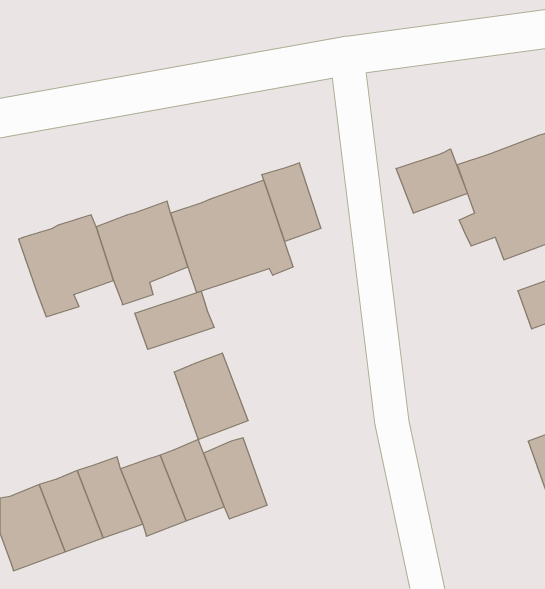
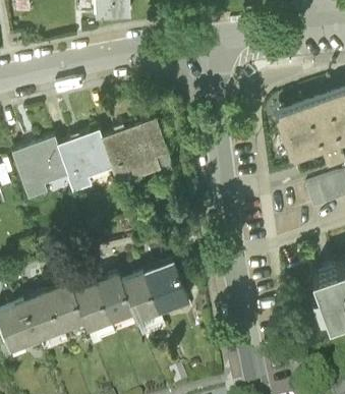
building: [396,149,468,213] -> none
building: [262,163,321,242] -> none
building: [135,291,214,349] -> none
building: [174,353,248,439] -> [145,258,188,308]

